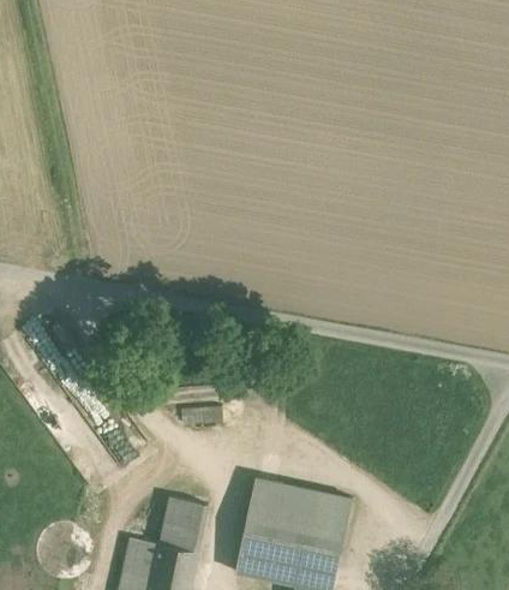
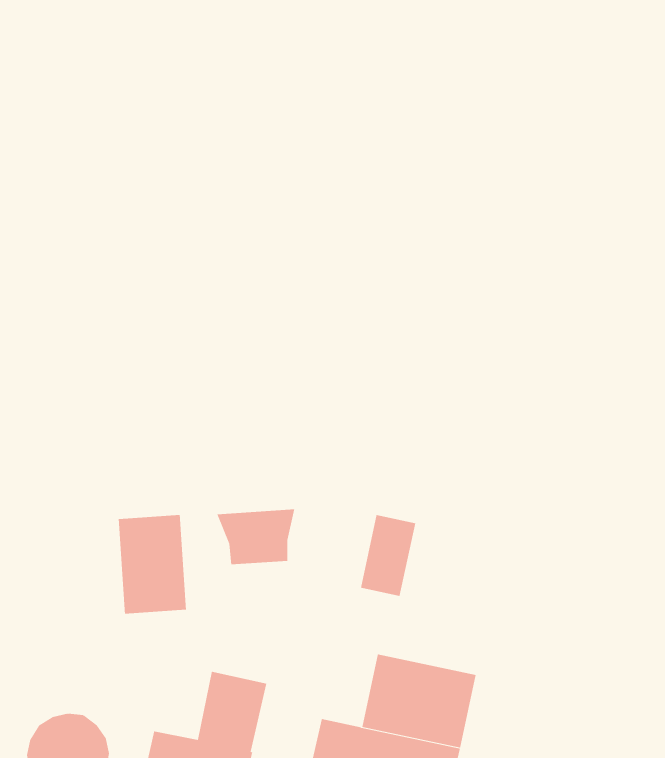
building: none -> [118,514,187,615]
building: [244,478,282,535] -> [360,514,416,597]

